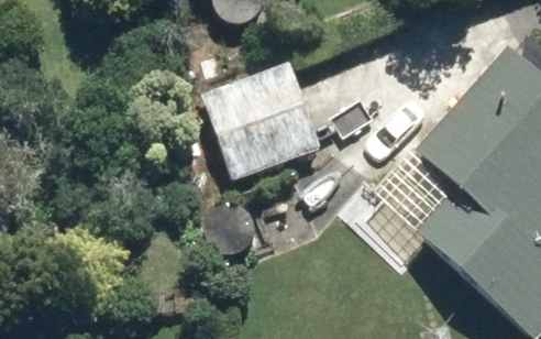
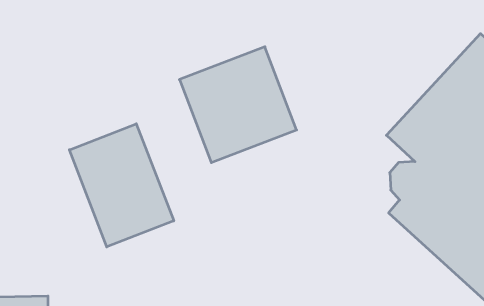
building: none -> [69,124,174,247]

